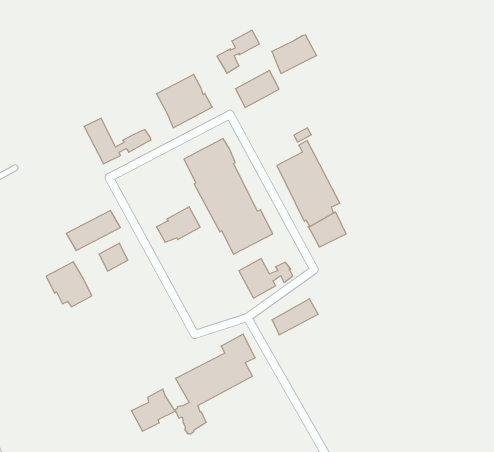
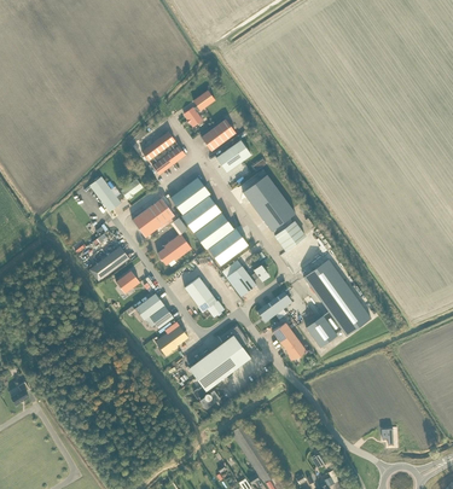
building: [272,35,317,73] -> [216,140,251,173]
building: none -> [132,198,174,238]
building: [46,262,92,307] -> [135,293,173,328]
building: none -> [185,276,225,318]
building: none -> [303,260,371,348]
building: none -> [273,322,306,360]
building: [131,389,175,431] -> [155,321,188,356]

